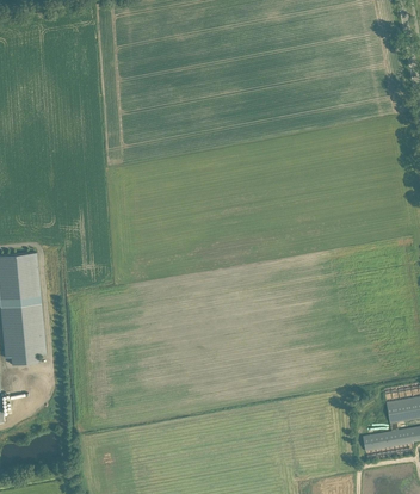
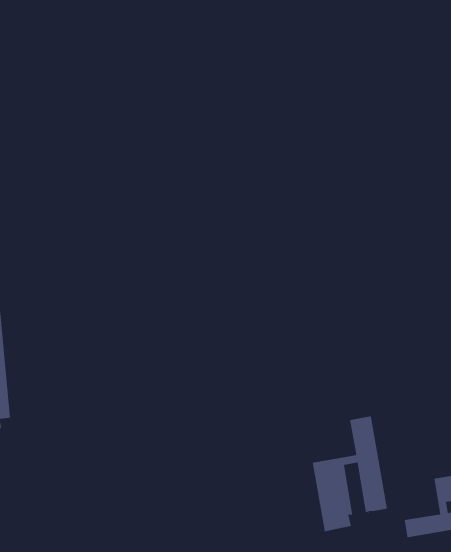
building: none -> [312,416,387,532]

